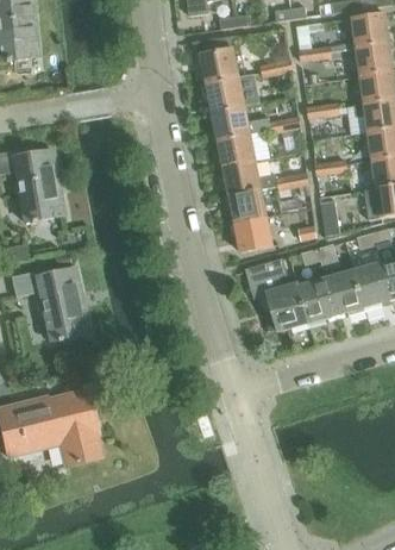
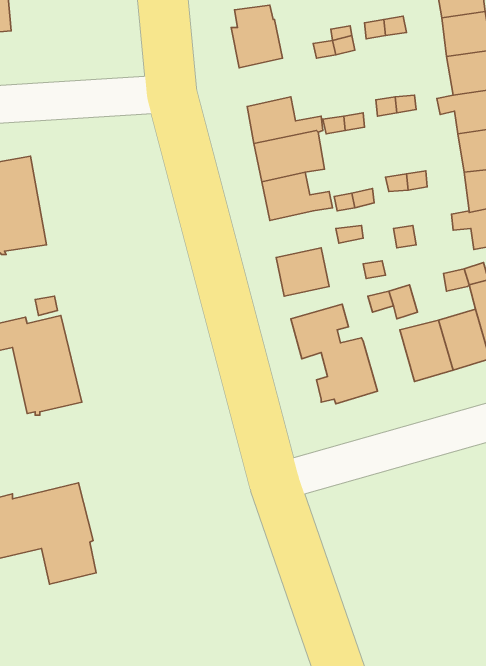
building: [206,74,258,112] -> none
building: [228,189,267,224] -> none
building: [297,277,336,323] -> none

